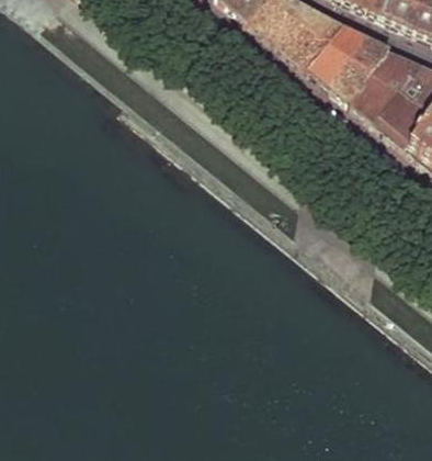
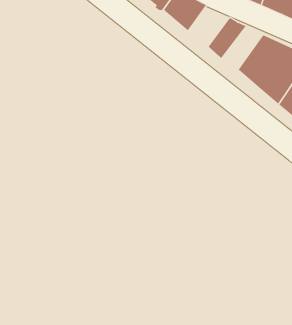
building: [285,14,341,70] -> none
building: [330,43,386,101] -> none

